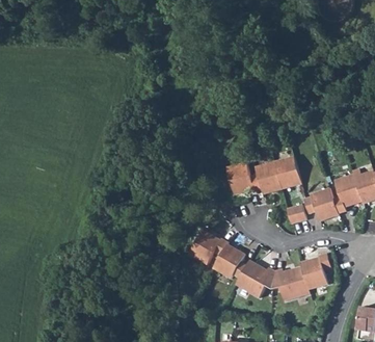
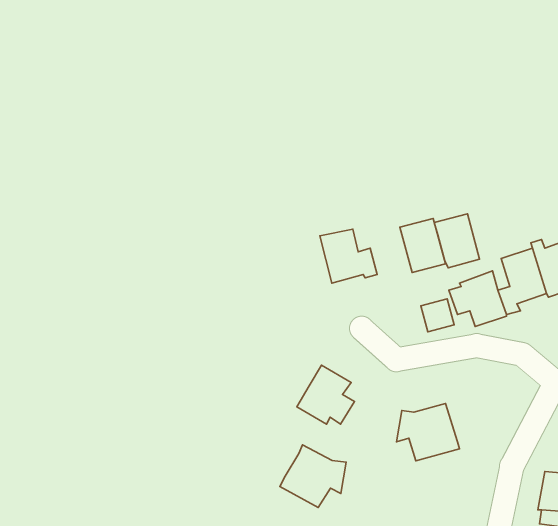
building: [255,161,282,193] -> [434,214,480,268]
building: [189,230,229,264] -> none
building: [300,253,330,289] -> none
building: [236,260,275,297] -> [280,445,346,507]

